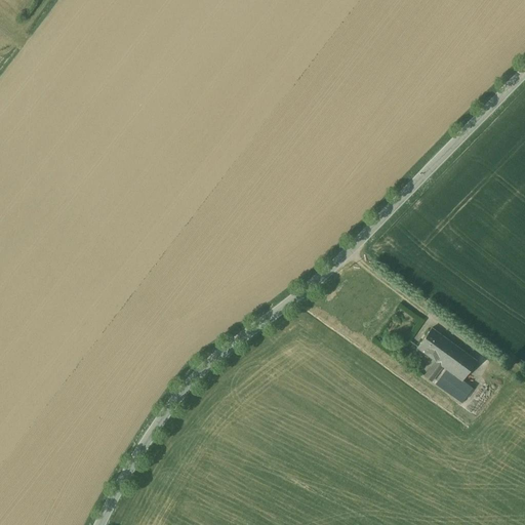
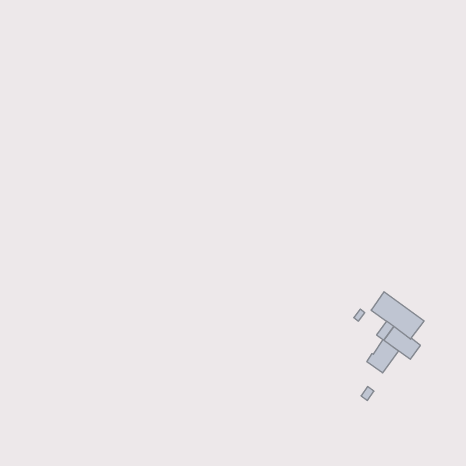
building: none -> [367,340,398,373]

